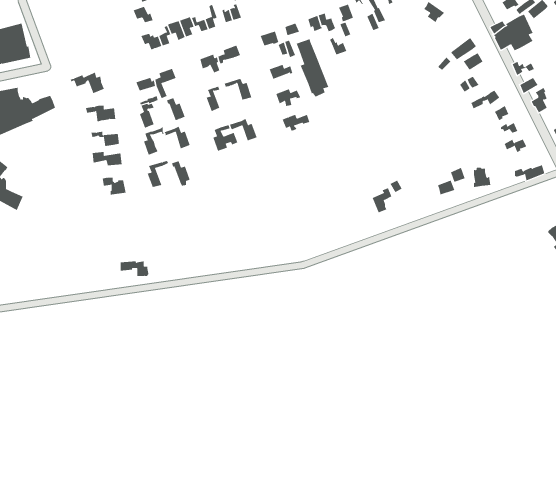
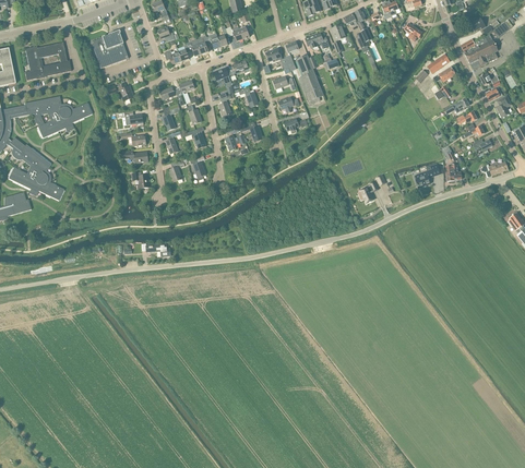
building: none -> [91,29,129,67]

